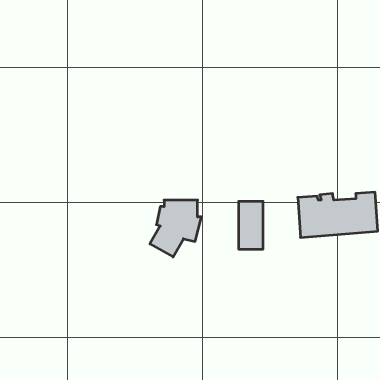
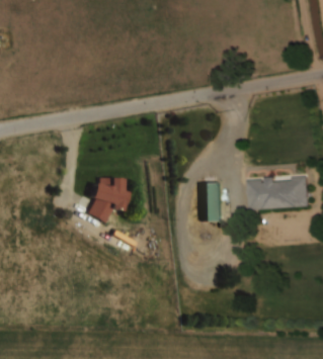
building: [150,200,201,257] -> [88,178,129,222]

